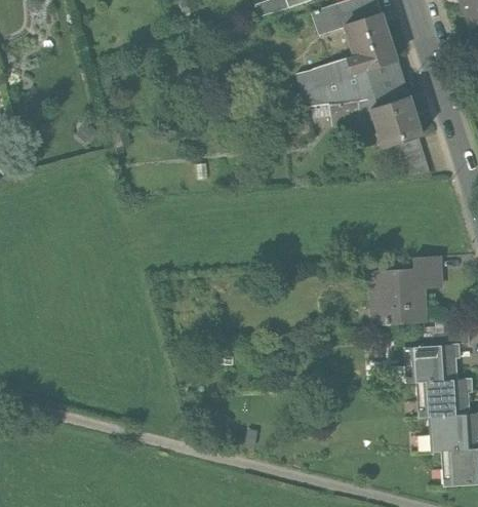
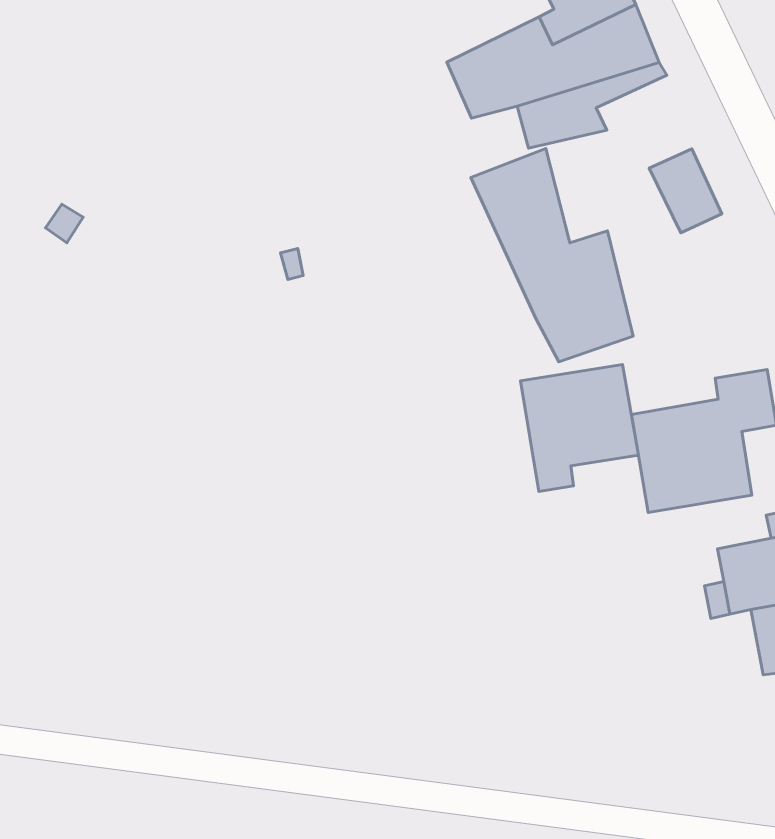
building: [370,96,422,148] -> none
building: none -> [471,149,633,362]
building: none -> [520,365,638,492]

